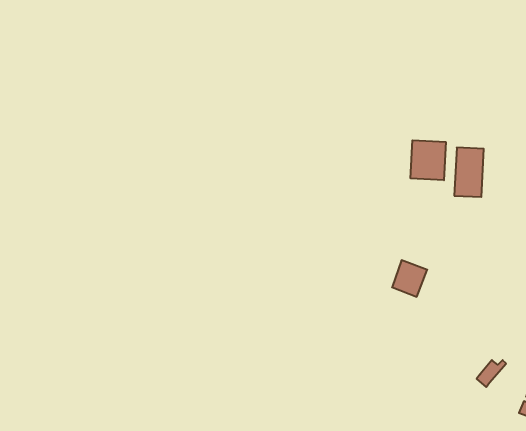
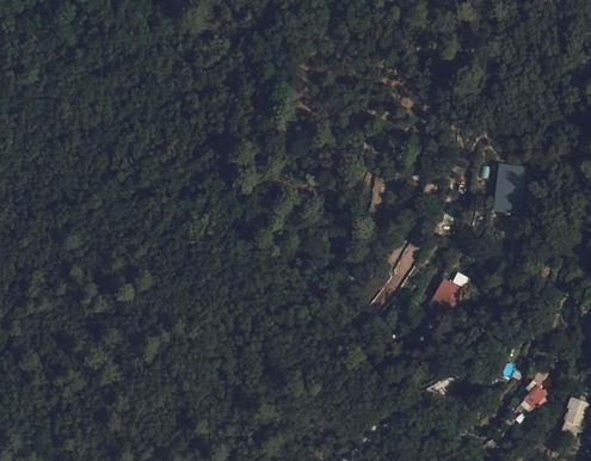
building: [411,140,446,180] -> none

